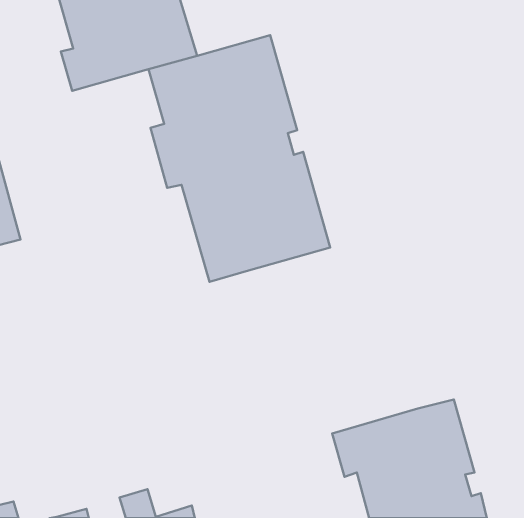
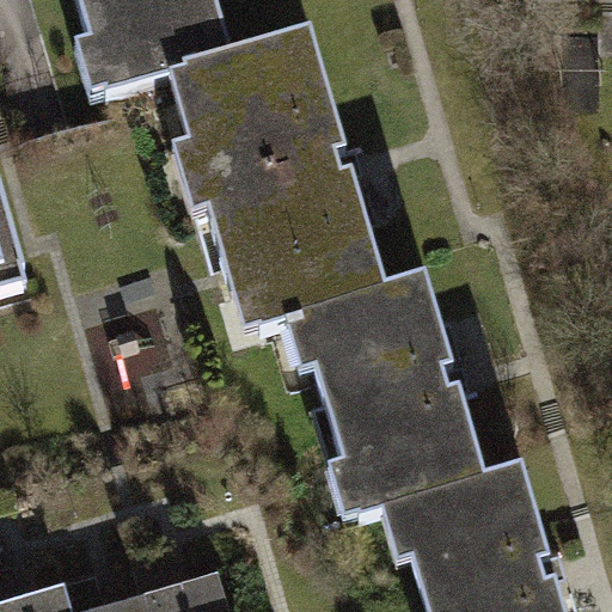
building: none -> [288,274,484,513]

